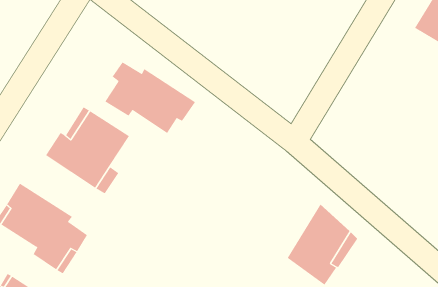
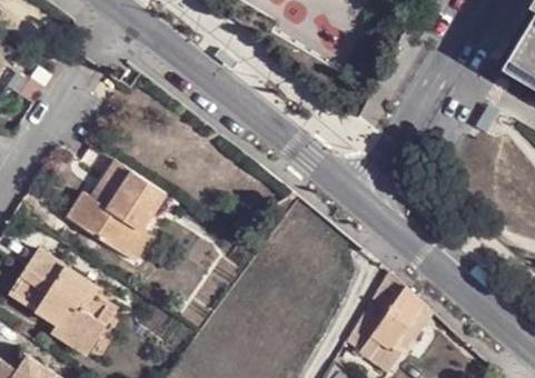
building: [105,62,196,134] -> none

